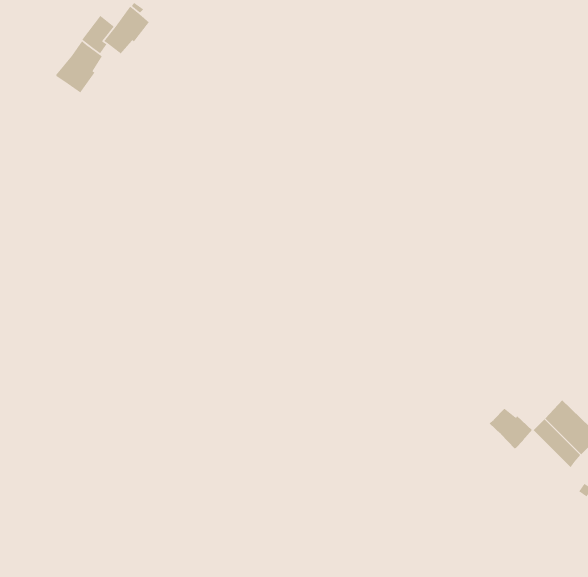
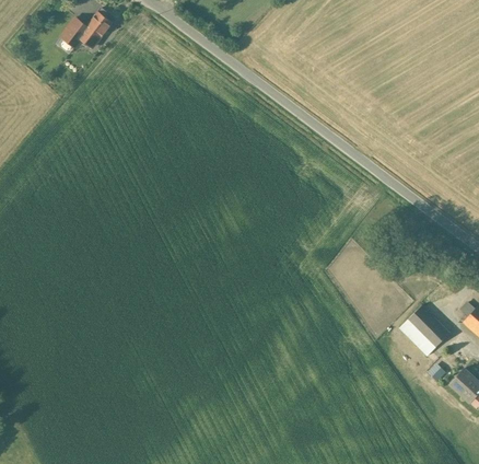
building: [55,40,103,93] -> none
building: [489,408,533,449] -> none

